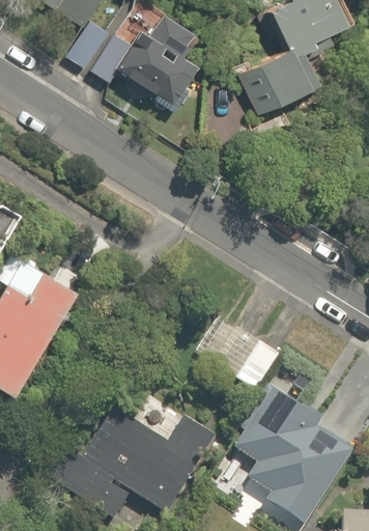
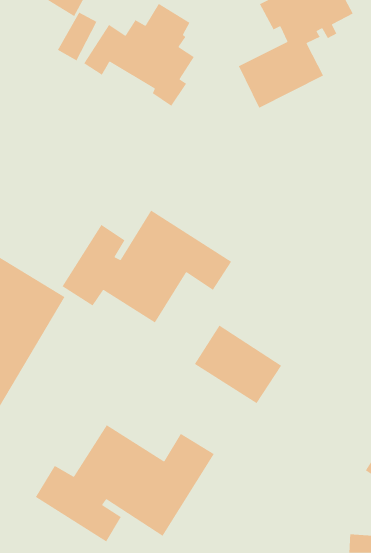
building: none -> [62,210,232,323]
building: [232,389,352,504] -> none

